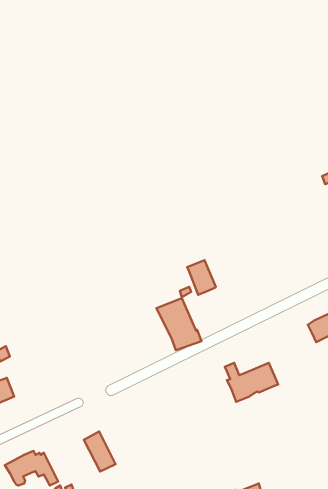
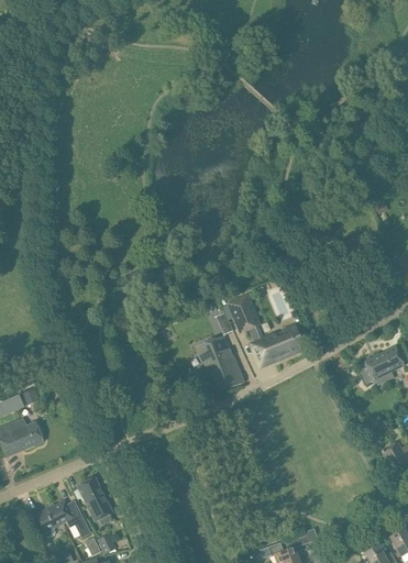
building: [225,363,278,402] -> [249,324,306,366]
building: [84,431,116,471] -> [77,477,111,520]

